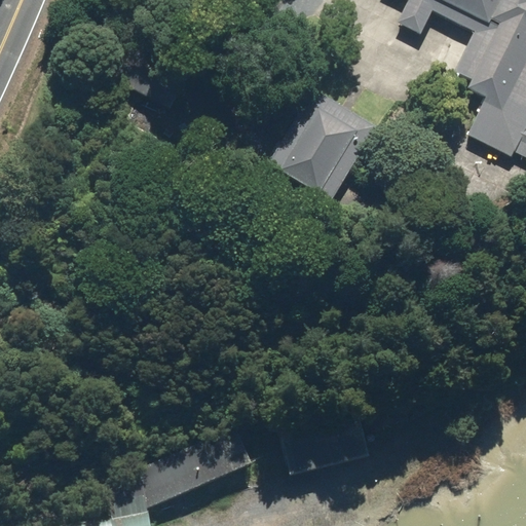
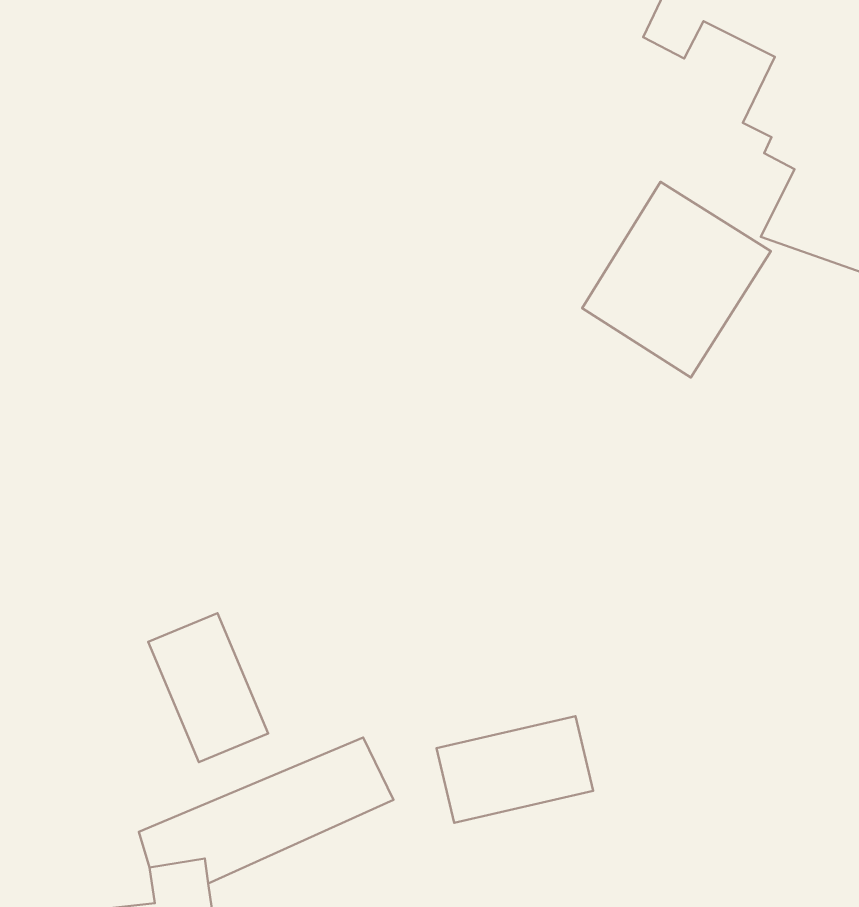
building: [268,88,377,201] -> [582,182,771,378]
building: none -> [148,613,268,762]

